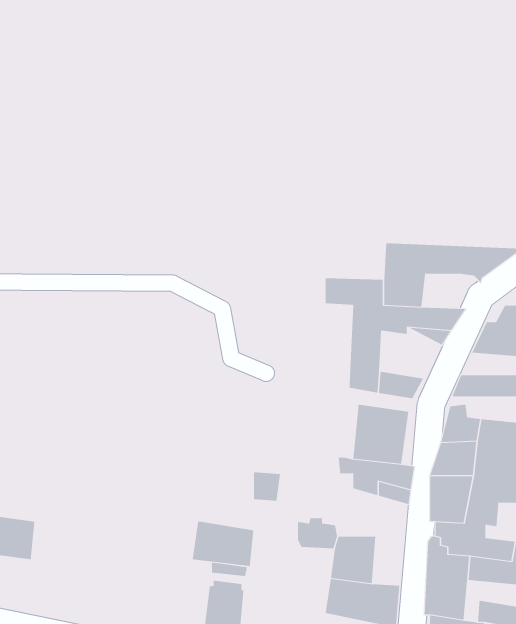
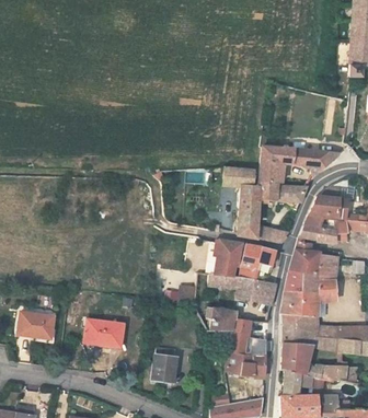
building: none -> [214,241,241,277]
building: [192,521,254,567] -> [84,318,122,346]

